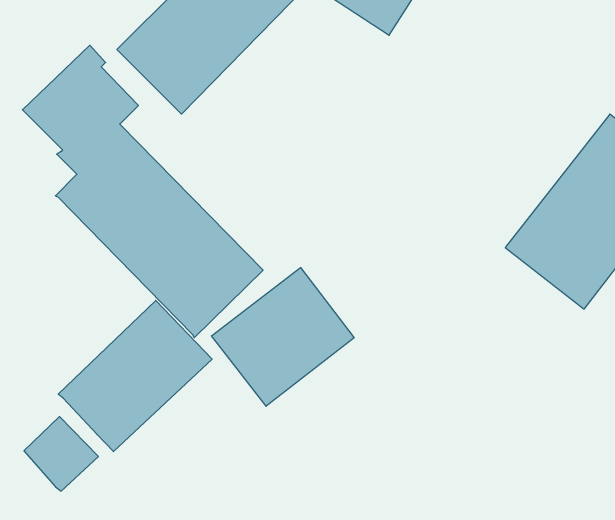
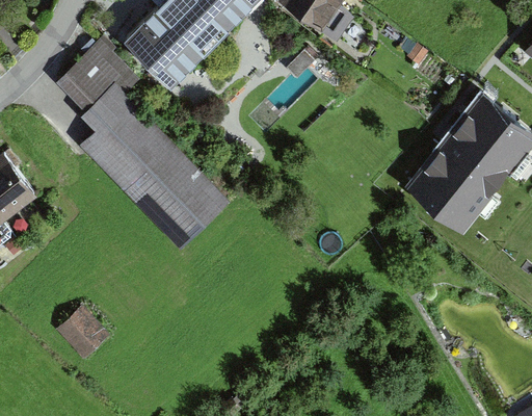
building: [211,268,354,406] -> none
building: [58,300,212,452] -> none

